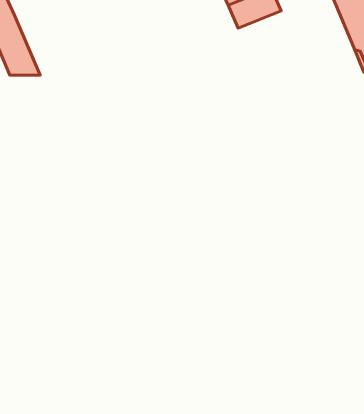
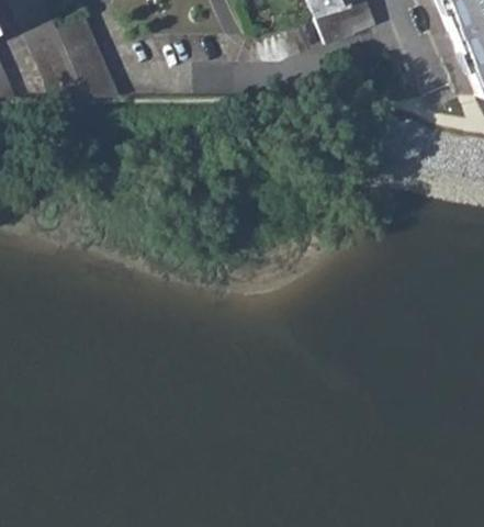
building: none -> [57,15,120,99]

